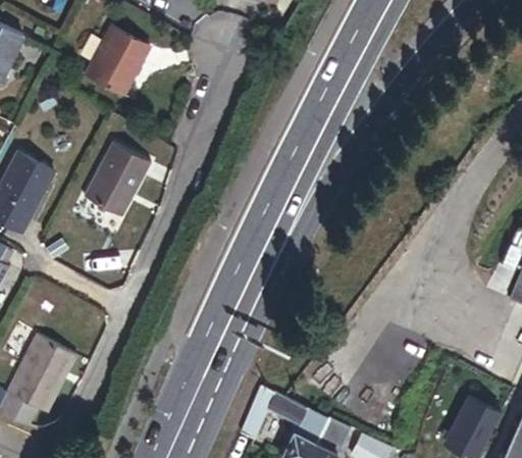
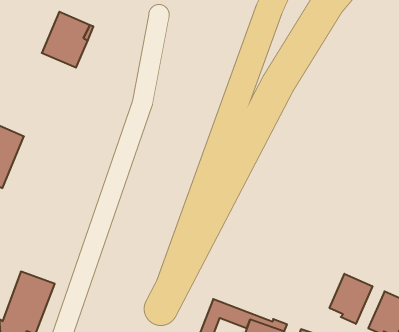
building: [83,141,149,216] -> none
building: none -> [330,274,372,324]

